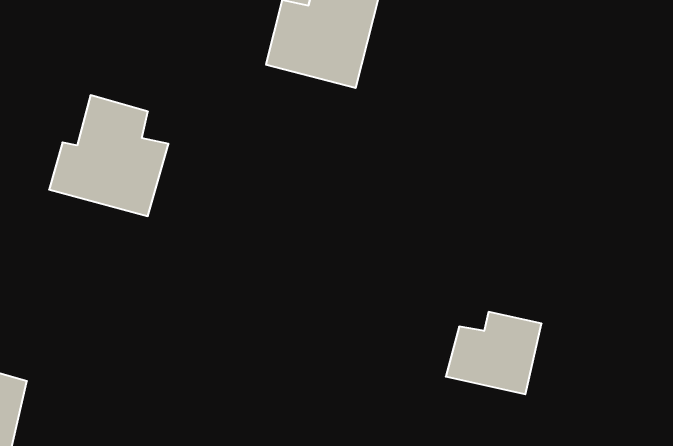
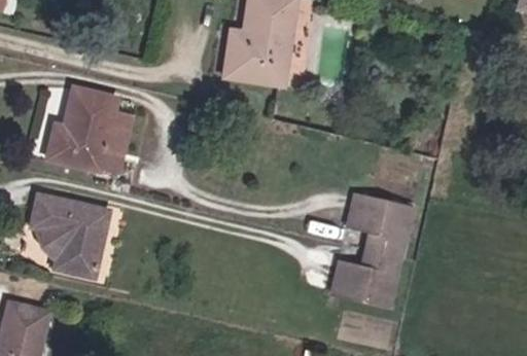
building: none -> [345,193,409,258]
building: none -> [42,207,120,287]

